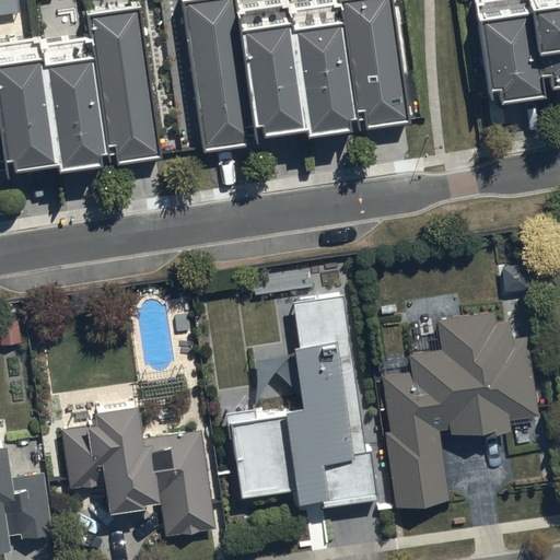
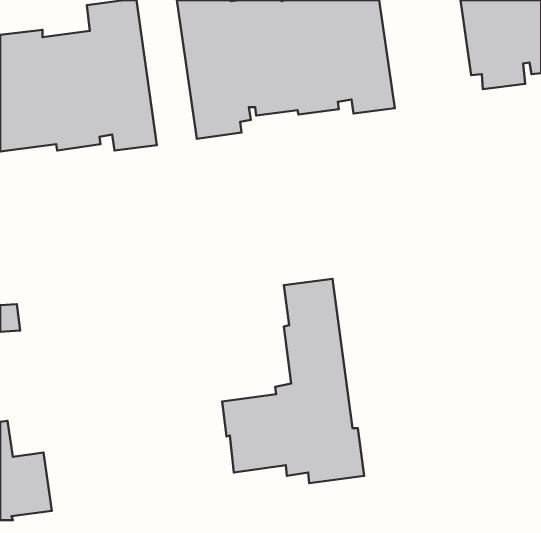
building: [382,314,537,510] -> none
building: [60,404,213,537] -> none

